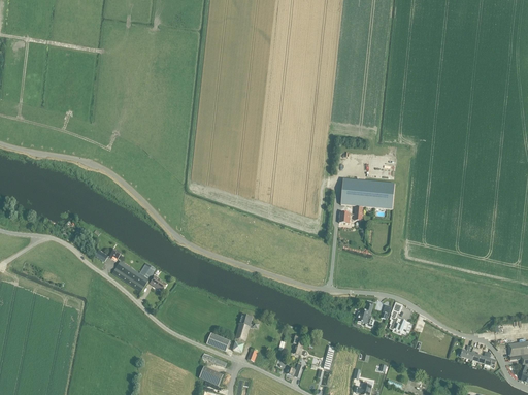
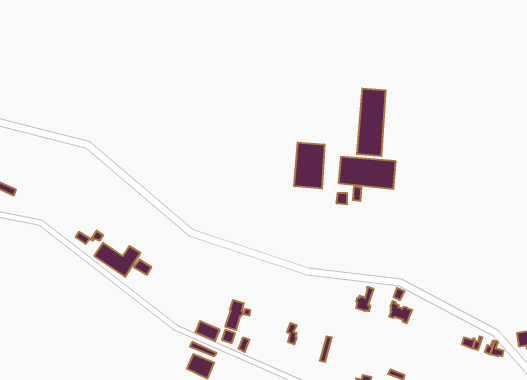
building: none -> [357,88,386,156]
building: none -> [294,142,324,189]

